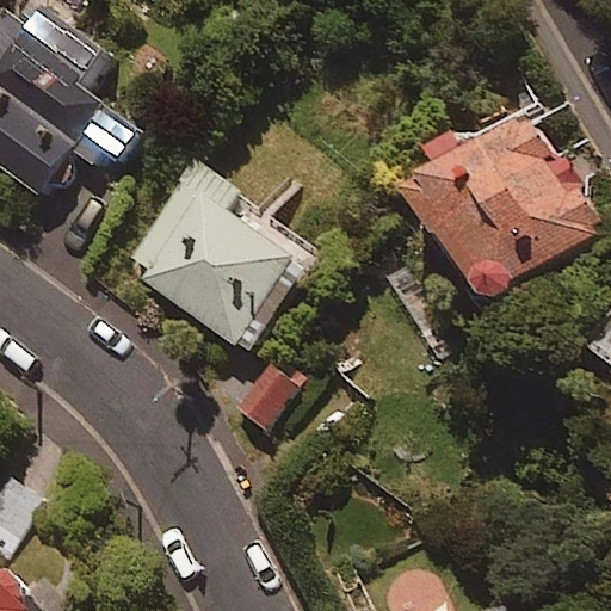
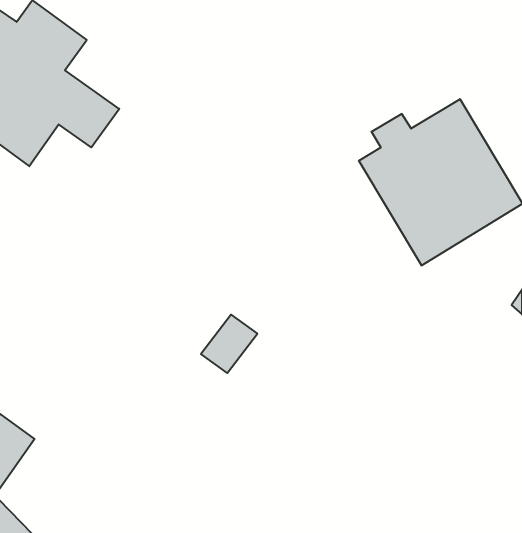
building: [119,158,303,347] -> none

